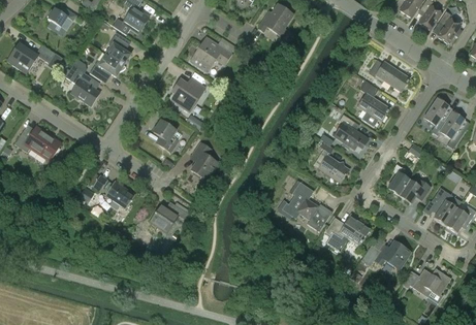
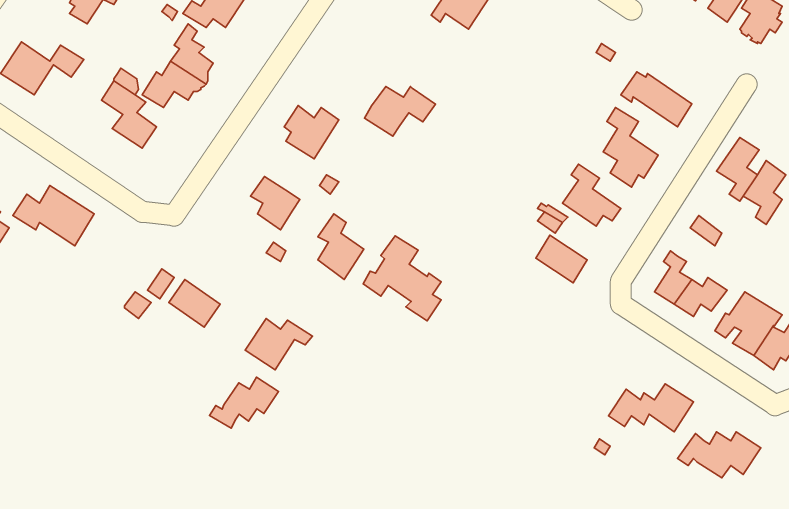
building: [190,42,231,71] -> [364,86,435,136]
building: [282,181,327,230] -> [363,236,441,321]
building: [325,214,371,251] -> none
building: none -> [209,377,279,428]

